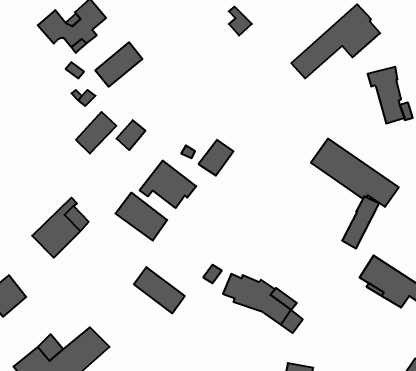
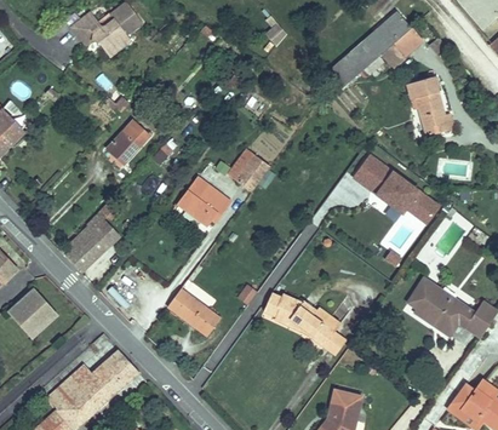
building: [95,42,142,87] -> none
building: [115,193,167,241] -> none

